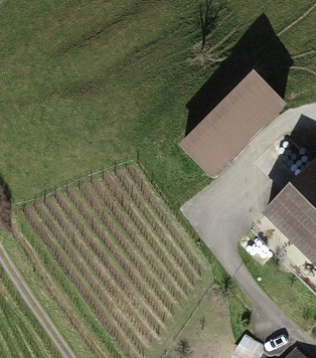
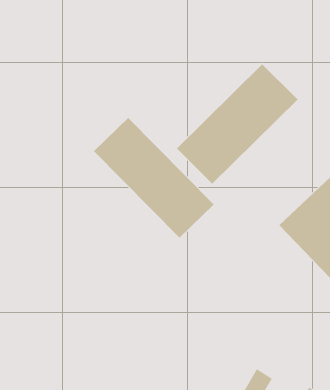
building: none -> [93,117,215,239]

